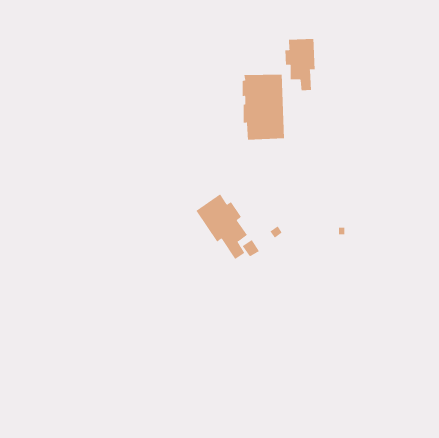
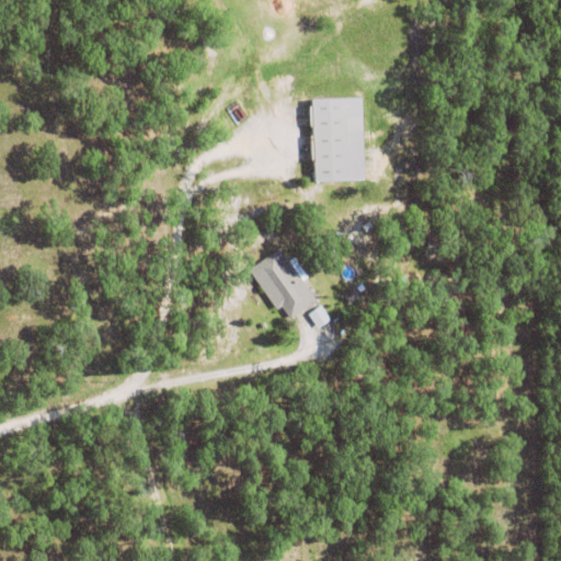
building: [285,38,315,91] -> none

